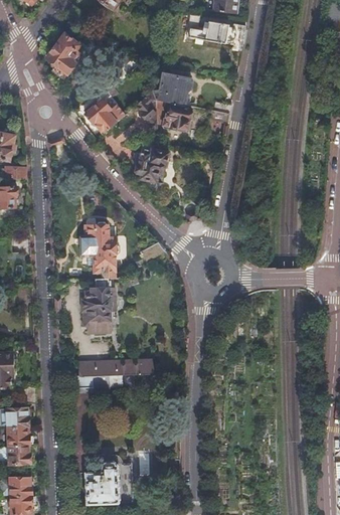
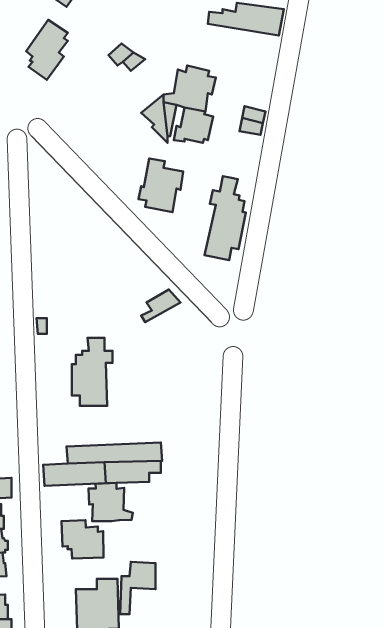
building: [84,98,125,134] -> none
building: none -> [205,176,246,260]
building: [80,221,119,279] -> none
building: none -> [88,483,133,521]
building: none -> [62,520,104,559]

